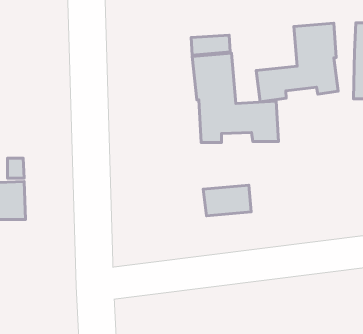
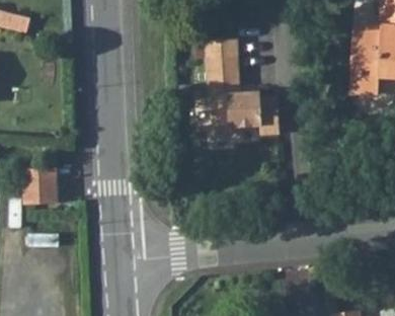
building: [256,23,338,102] -> none
building: [203,185,251,216] -> none

